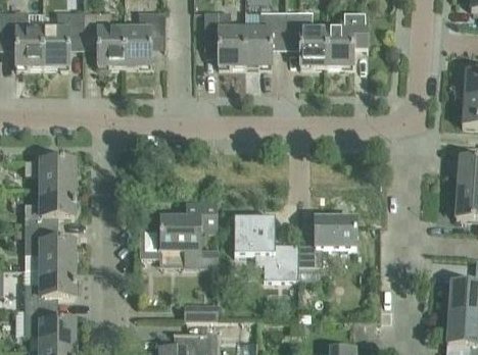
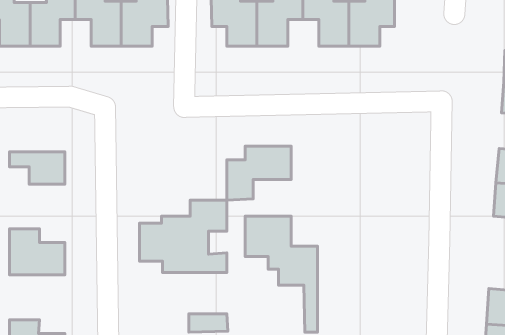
building: [26,189,75,229] -> none
building: [299,217,356,265] -> [227,146,291,200]
building: [26,269,75,309] -> none

